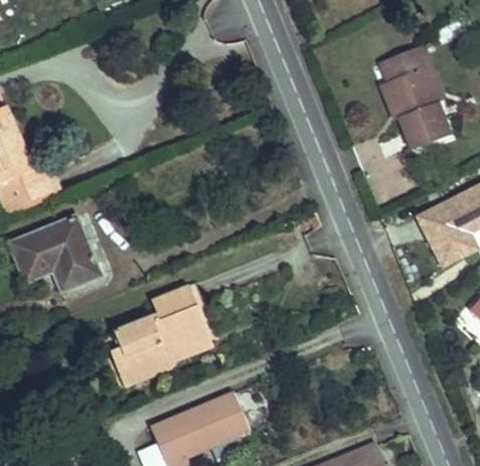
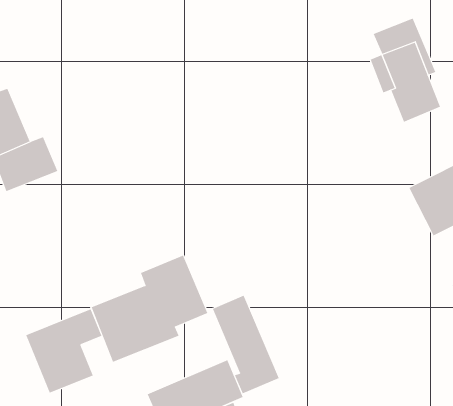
building: [10,213,101,283] -> none
building: none -> [212,295,280,394]
building: none -> [25,309,102,394]

